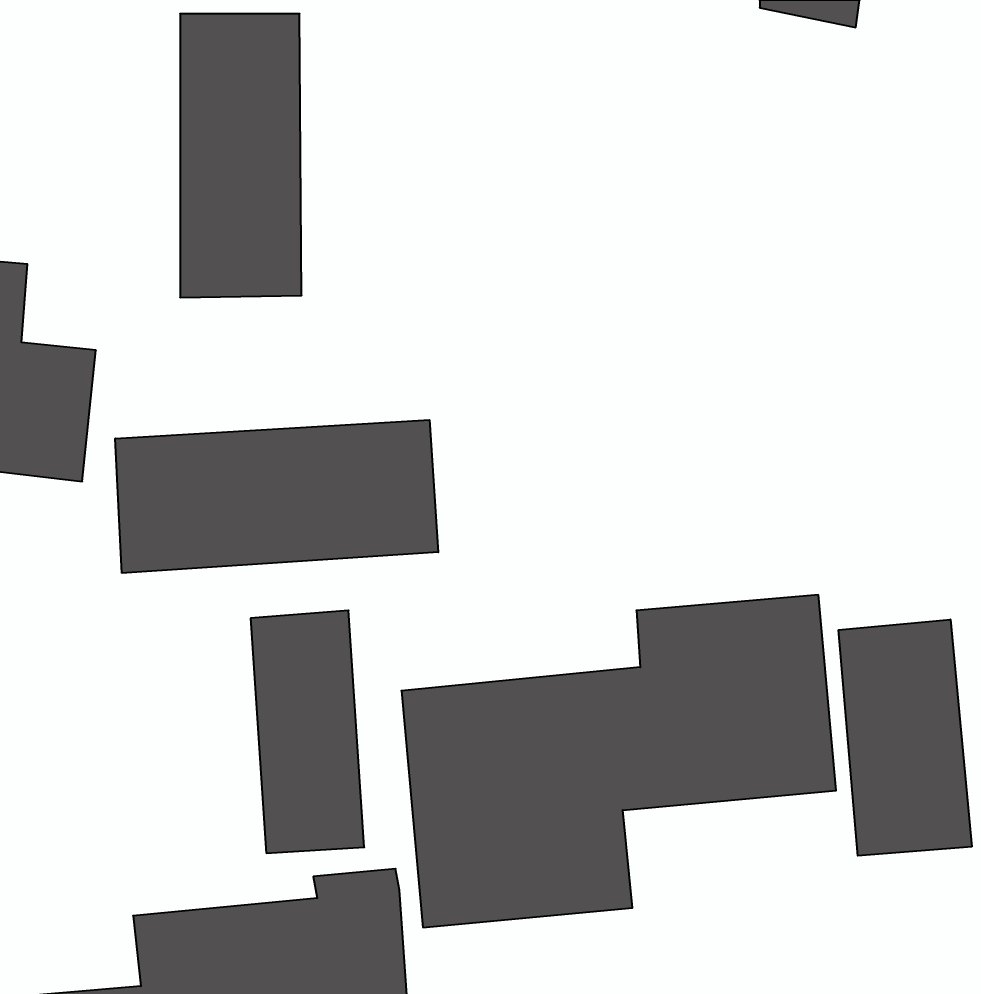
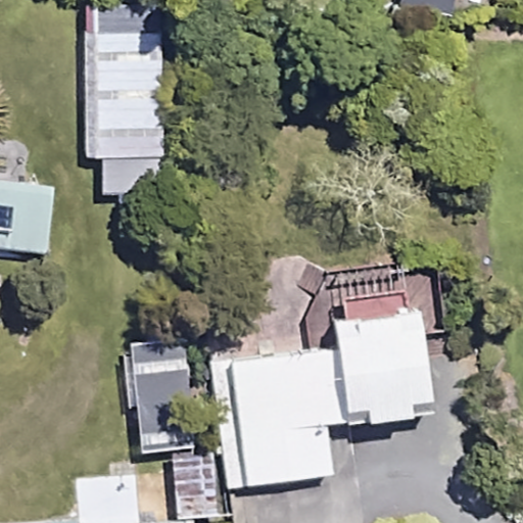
building: [115,420,438,573] -> none
building: [839,619,972,856] -> none

